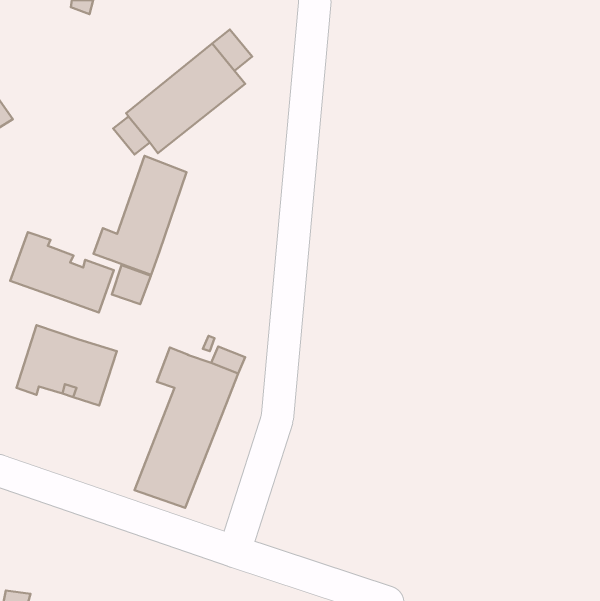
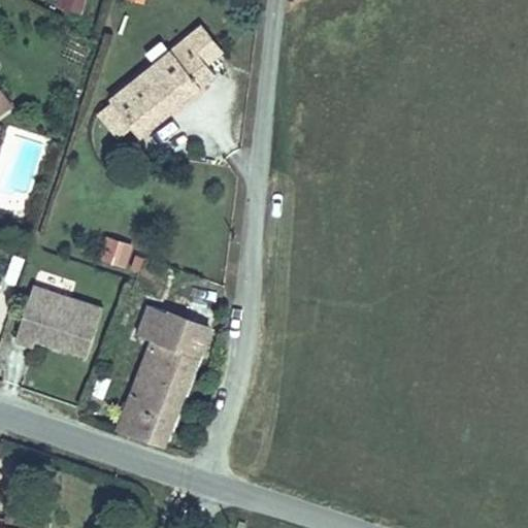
building: [93,156,186,275] -> none
building: [10,232,114,313] -> none

